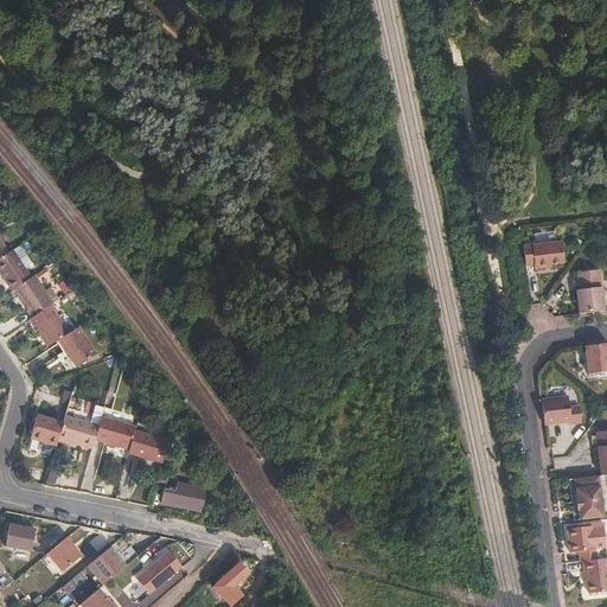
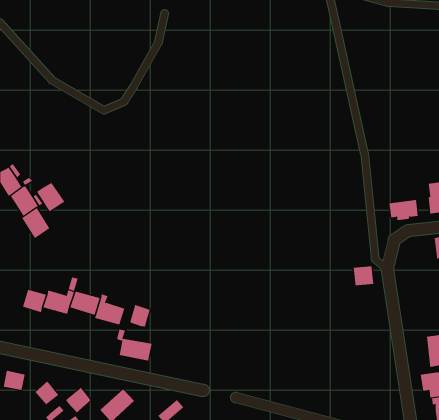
building: [524,243,564,271] -> [389,199,419,221]
building: [58,326,97,366] -> [36,182,65,212]
building: [542,396,570,423] -> [353,266,374,286]
building: none -> [129,304,150,328]

